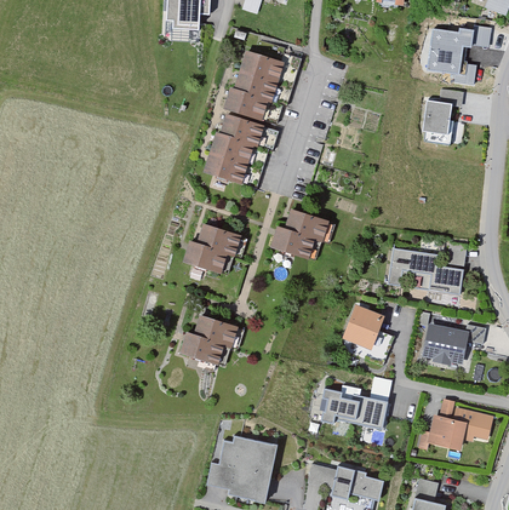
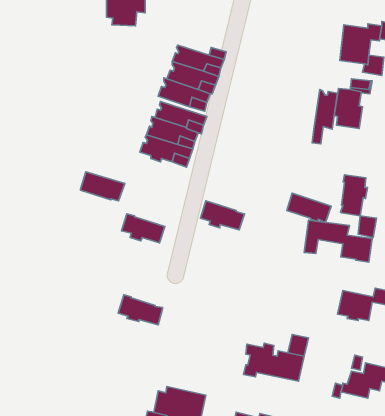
building: none -> [312,89,338,144]
building: none -> [340,175,367,216]
building: [284,210,333,242] -> [287,193,331,222]
building: [196,224,246,257] -> [81,172,125,201]
building: [345,309,379,345] -> none
building: [193,316,241,349] -> none

